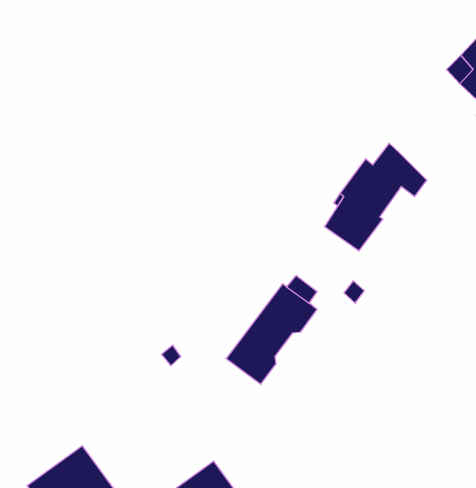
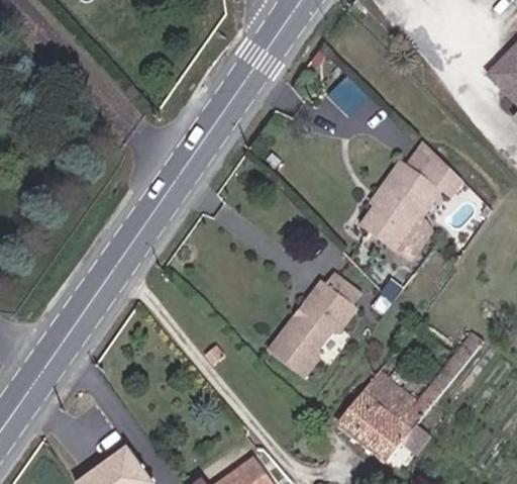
building: none -> [336,330,484,459]

